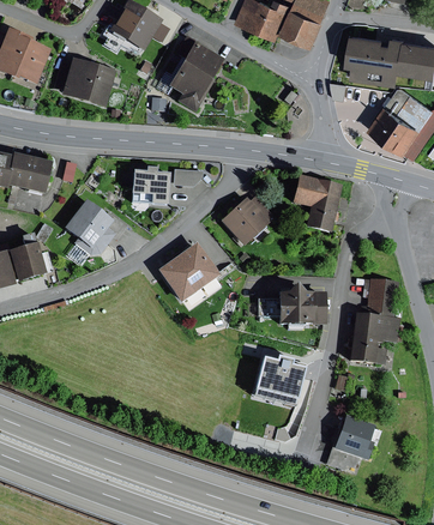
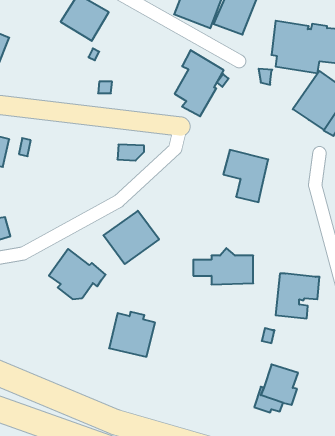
building: [168,37,223,111] -> [175,50,224,116]
building: [53,60,116,109] -> none
building: [131,167,170,205] -> none
building: [221,197,273,246] -> none
building: [64,199,127,255] -> [49,249,106,299]
building: [361,279,398,318] -> none
building: [253,357,305,408] -> [109,312,155,357]

